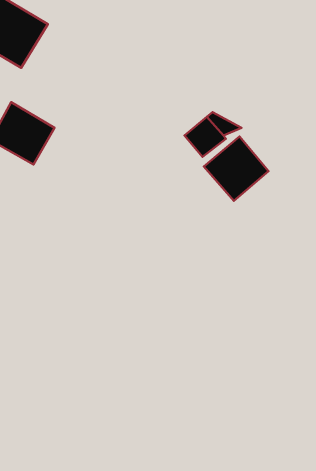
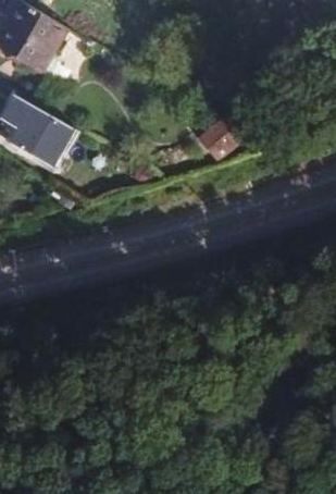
building: [204,137,269,201] -> none

